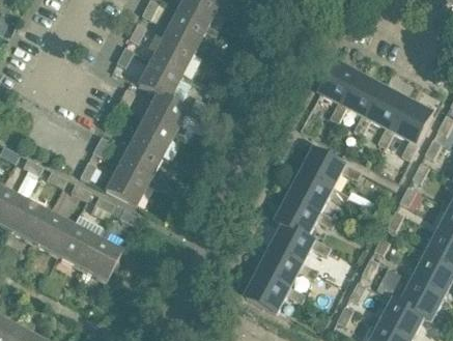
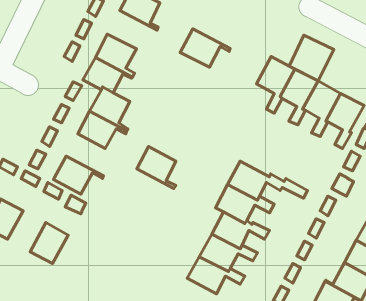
building: [161,11,214,52] -> [180,29,230,67]
building: none -> [289,35,334,81]
building: [117,142,159,187] -> [137,147,176,189]
building: [302,147,361,188] -> none
building: [55,224,95,267] -> none

